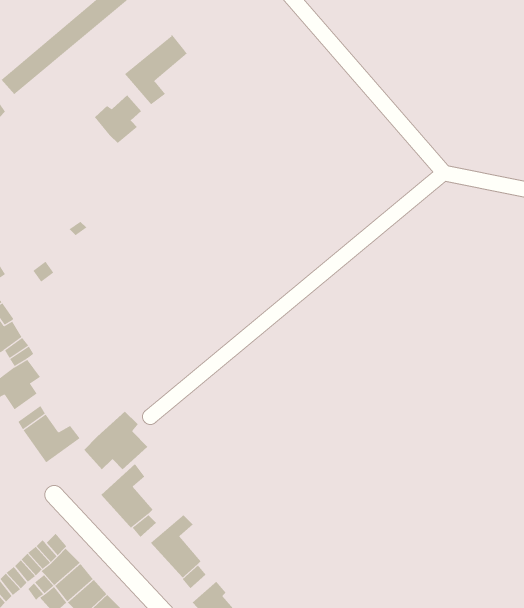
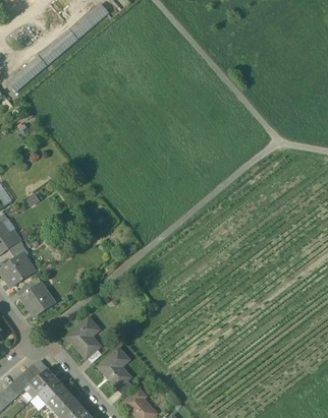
building: [124,34,187,105] -> none
building: [94,95,142,144] -> none
building: [84,411,148,470] -> none

